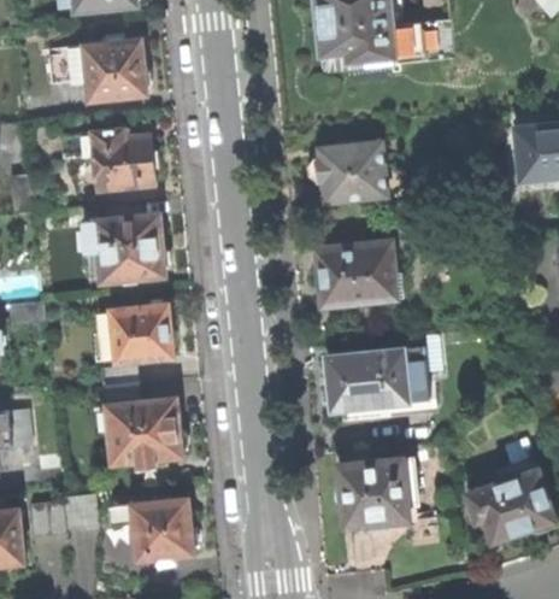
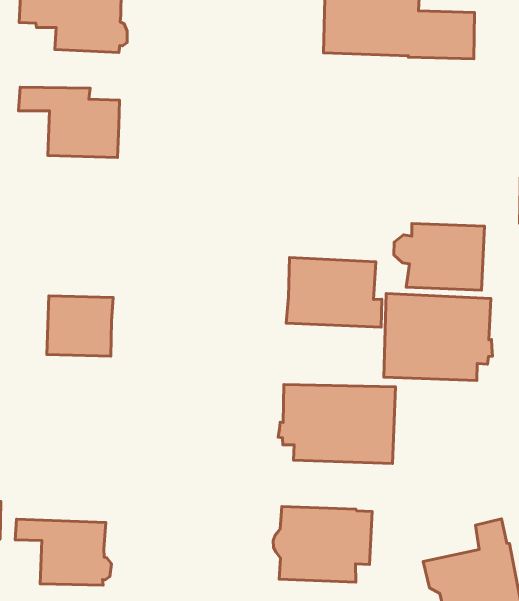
building: [305,142,386,204] -> [394,223,484,290]
building: [66,205,170,280] -> none
building: none -> [384,293,492,380]
building: [100,382,187,465] -> none

